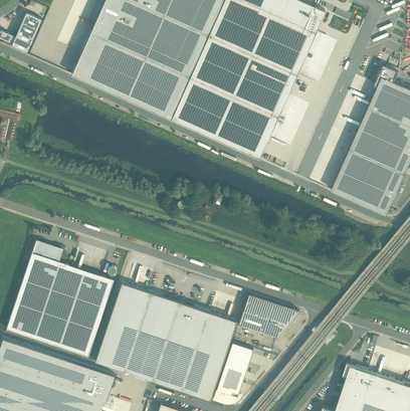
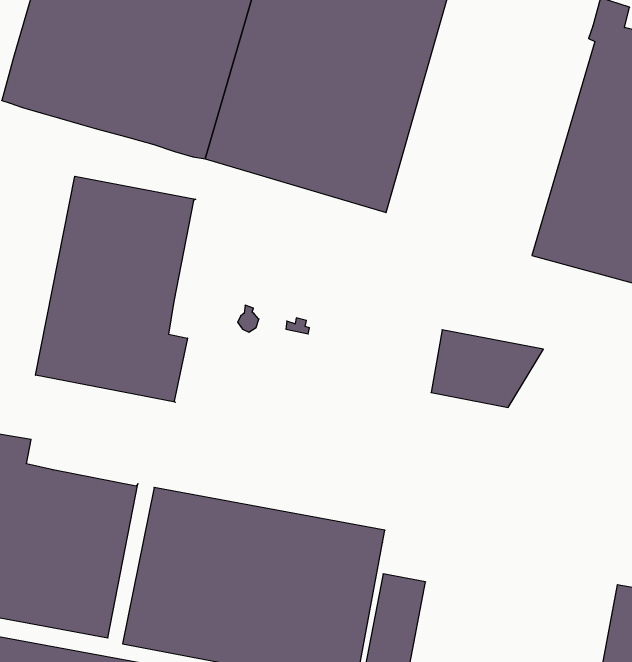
building: none -> [36,176,196,402]
building: [238,293,298,338] -> [431,330,543,407]

